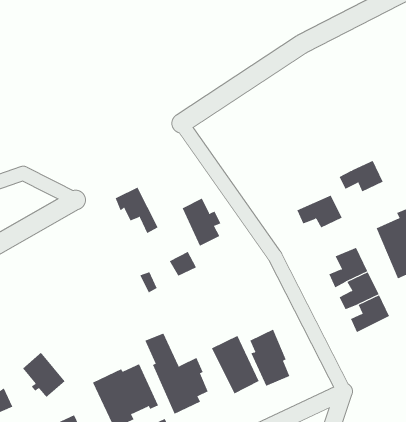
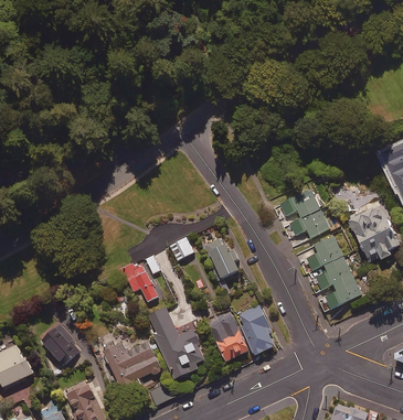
building: [339,160,383,192] -> [289,209,328,237]
building: [115,187,158,234] -> [119,261,157,302]
building: [182,198,221,246] -> [204,237,238,279]

